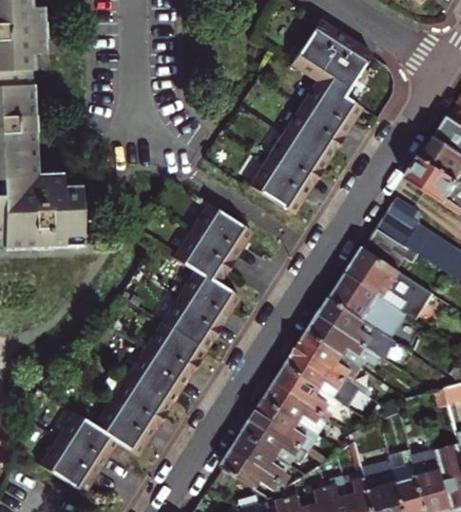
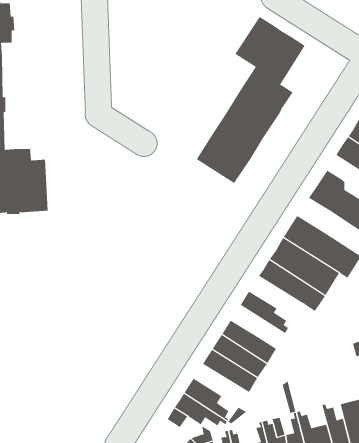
building: [38,201,251,492] -> none
building: [363,228,417,269] -> none
building: [308,317,371,357] -> none
building: [287,350,350,390] -> none
building: [245,417,323,463] -> none

